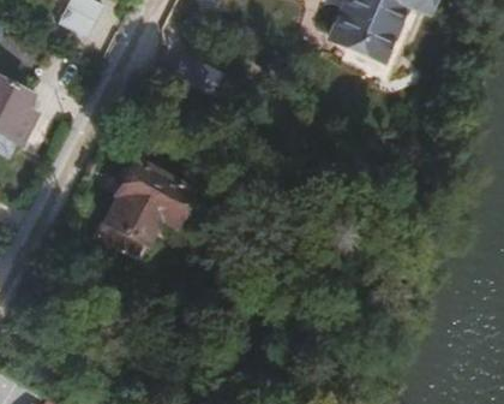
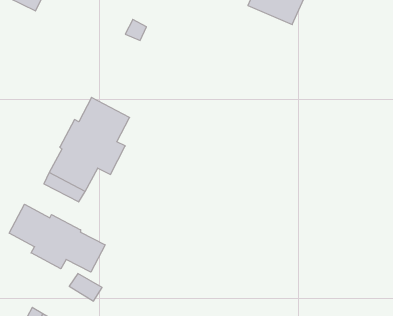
building: none -> [9,204,105,272]

